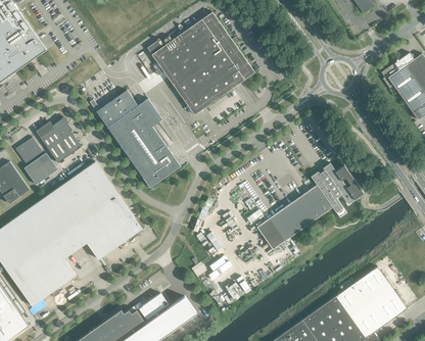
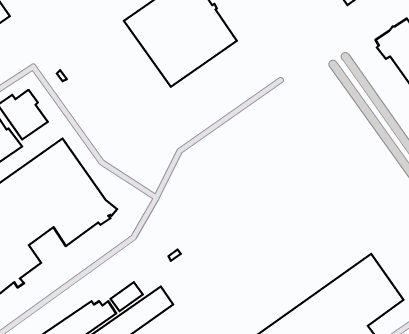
building: [96,90,181,187] -> none
building: [256,162,364,249] -> none

